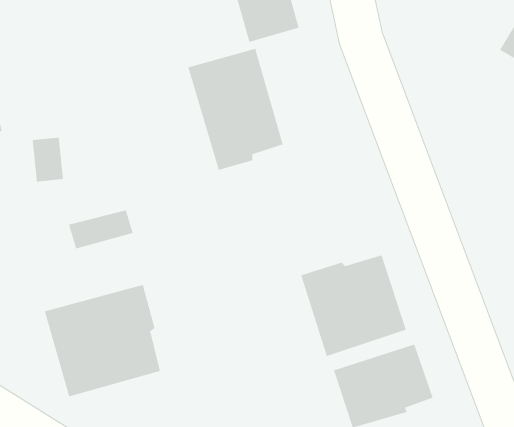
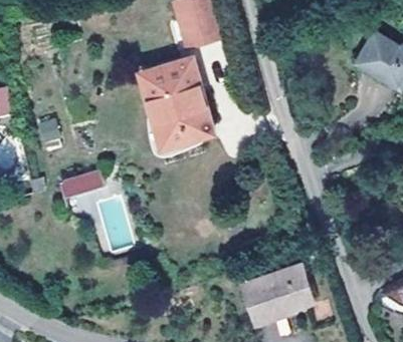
building: [301,255,407,357] -> none
building: [44,284,160,397] -> none

